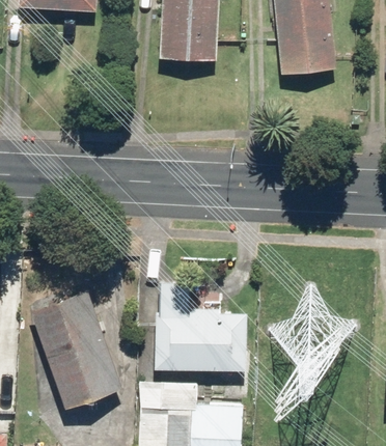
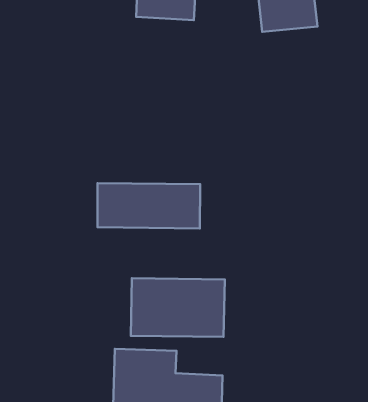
building: none -> [97,183,200,228]
building: [31,289,121,406] -> none

